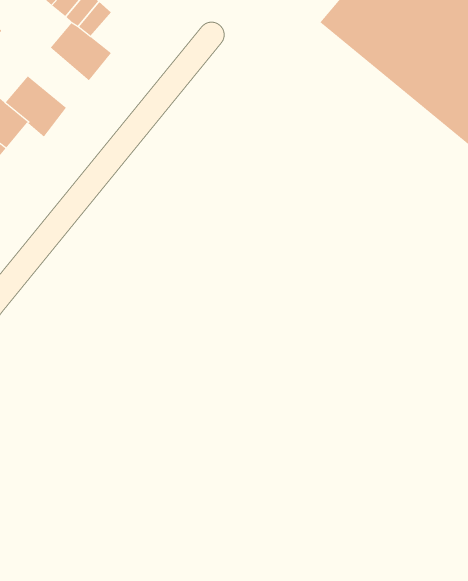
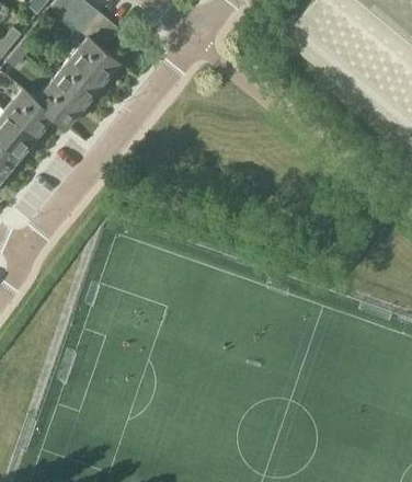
building: none -> [54,57,102,104]

